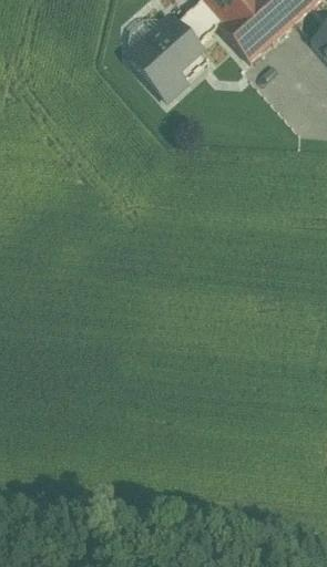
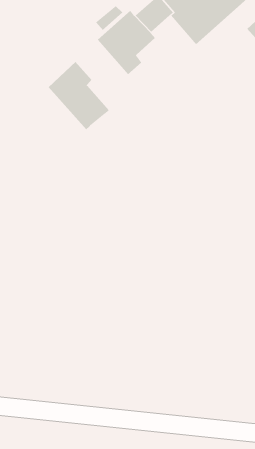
building: none -> [48,61,109,130]

